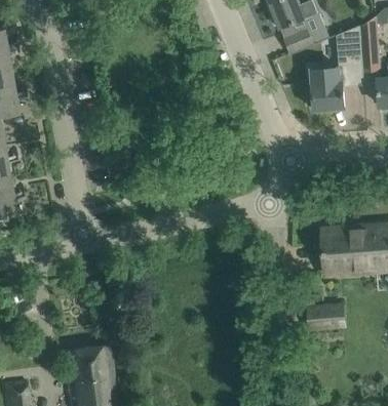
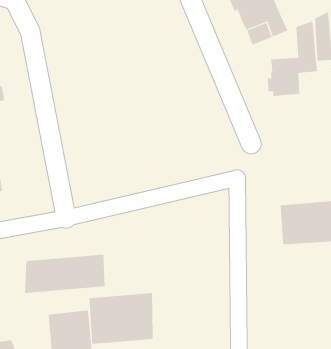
building: none -> [25,254,105,294]
building: [309,306,346,327] -> none
building: none -> [89,292,153,345]

